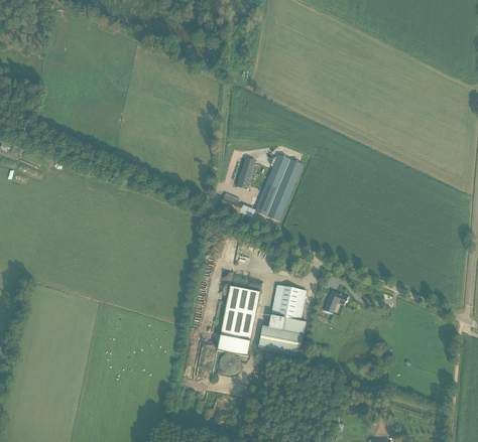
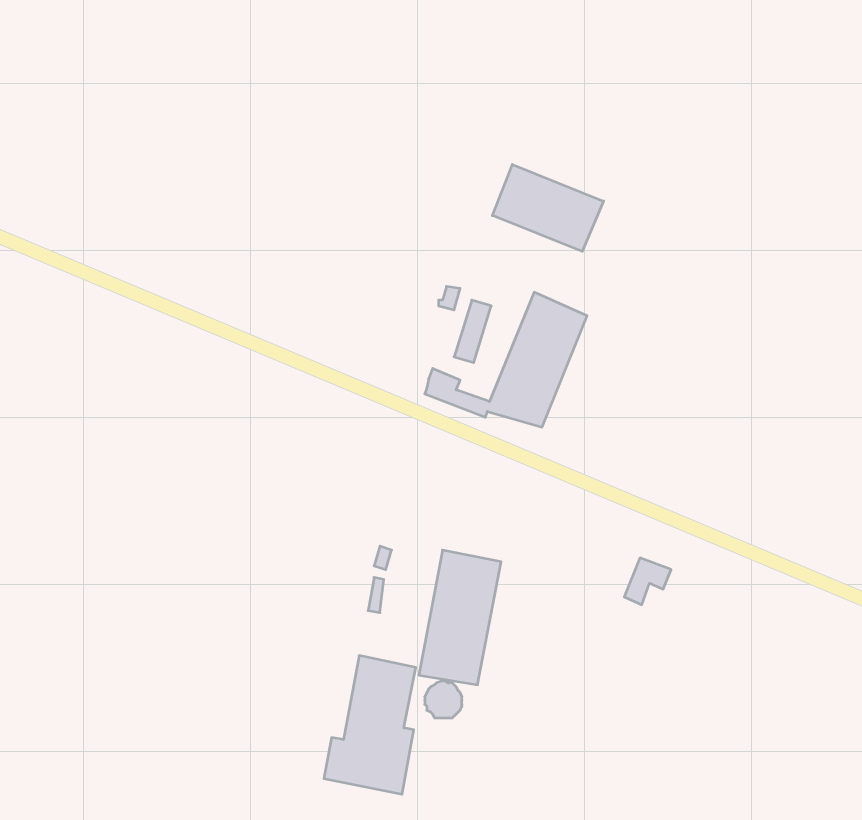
building: none -> [492,164,604,251]
building: [258,283,306,354] -> [324,656,416,794]

